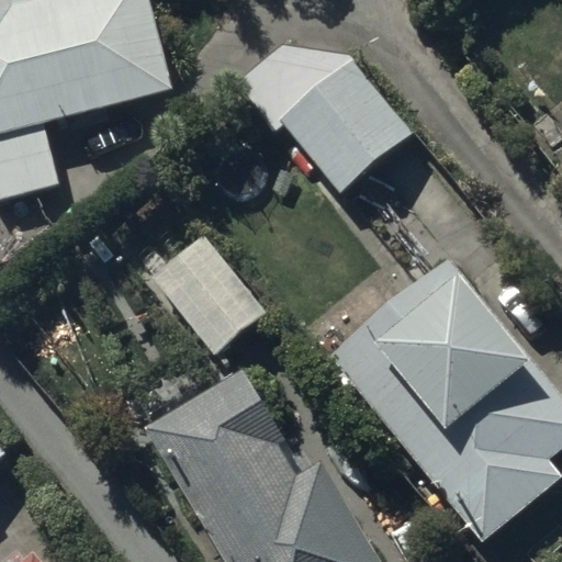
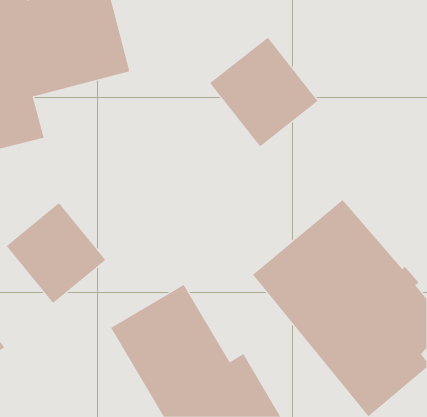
building: [150,232,266,352] -> none
building: none -> [6,202,106,304]

